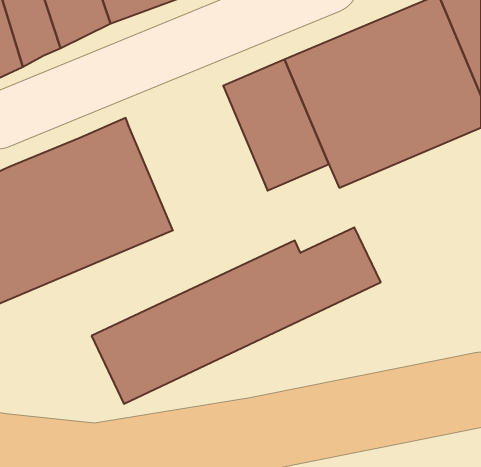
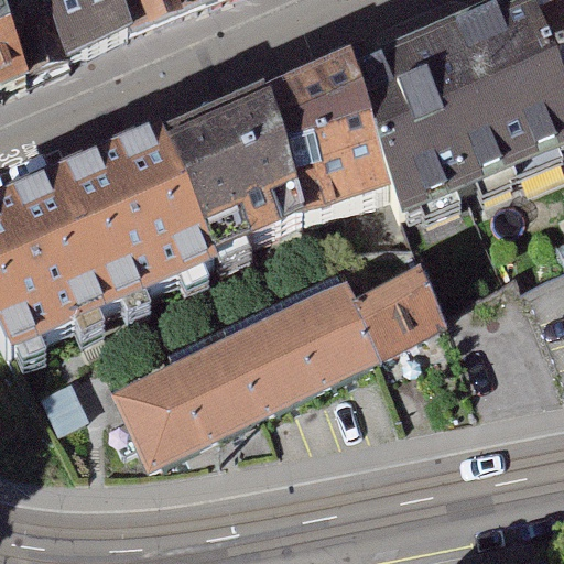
building: none -> [150,100,312,269]

